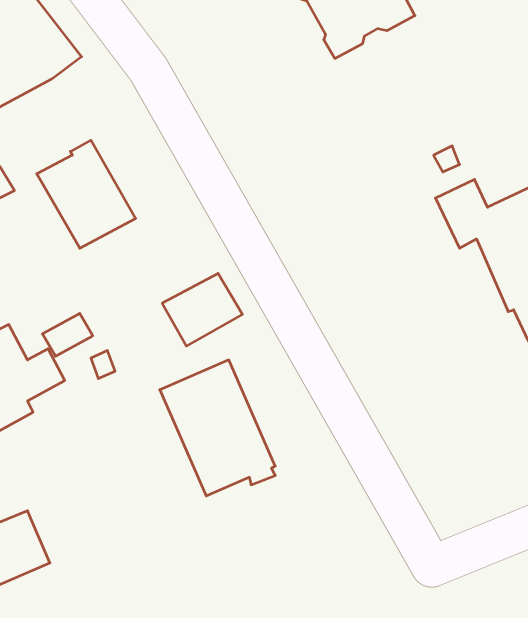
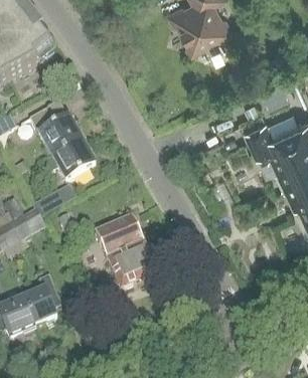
building: [162,273,242,346] -> [51,142,95,181]
building: none -> [23,276,59,328]

